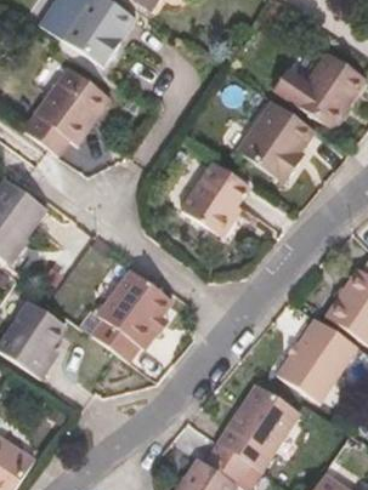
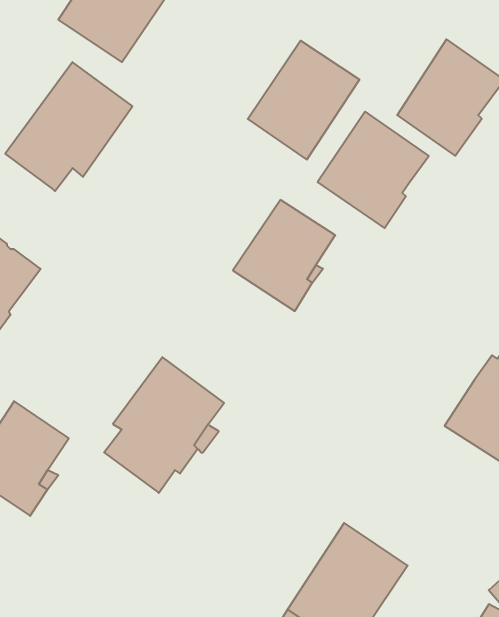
building: none -> [248,41,359,160]
building: [277,318,357,403] -> none

